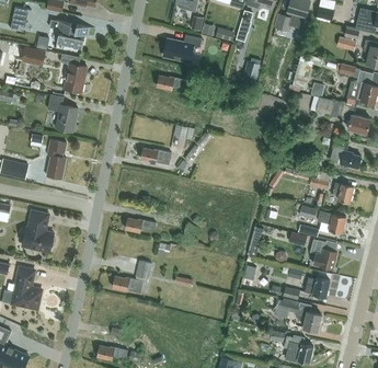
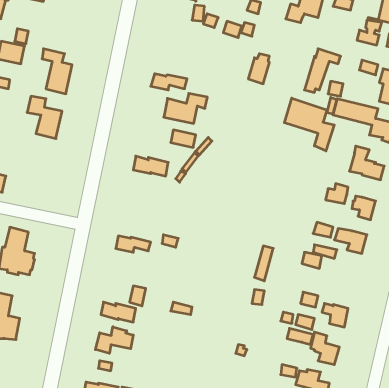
building: [49,20,94,55] -> none
building: [163,35,202,61] -> [164,93,207,123]
building: none -> [284,98,334,151]
building: [46,140,66,180] -> none
building: [310,240,336,269] -> none
building: none -> [95,327,133,353]

